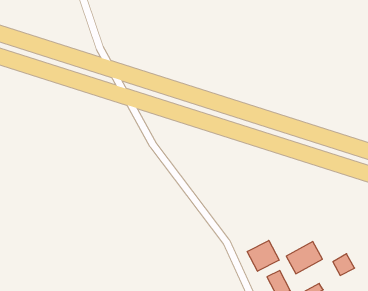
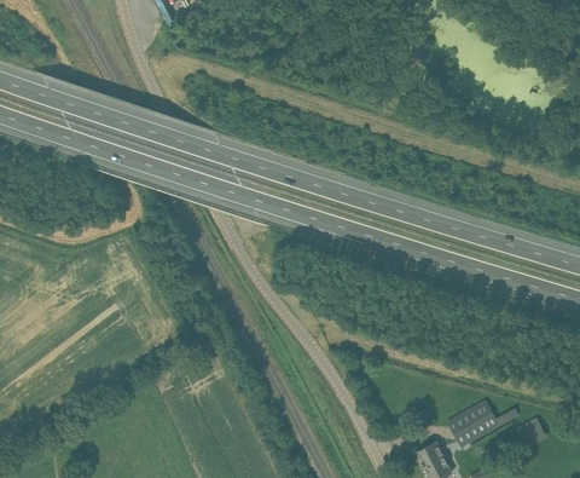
building: [247,240,279,271] -> none

